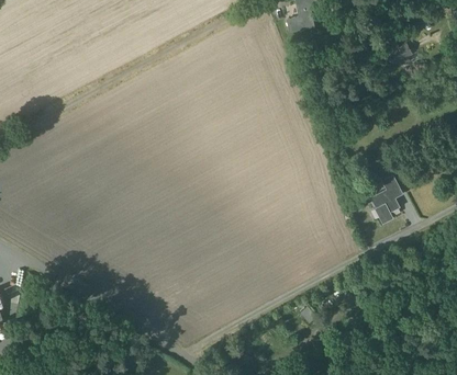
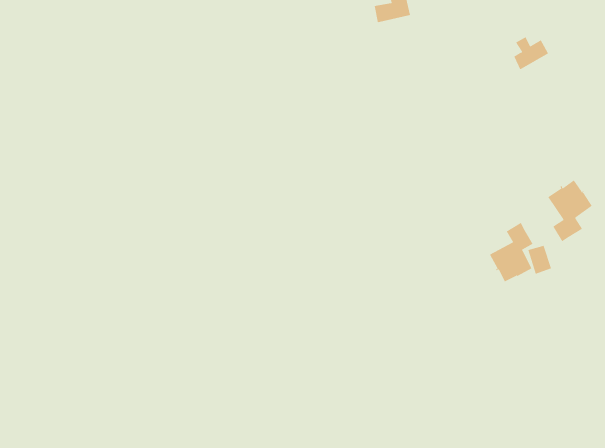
building: none -> [548,180,592,242]

